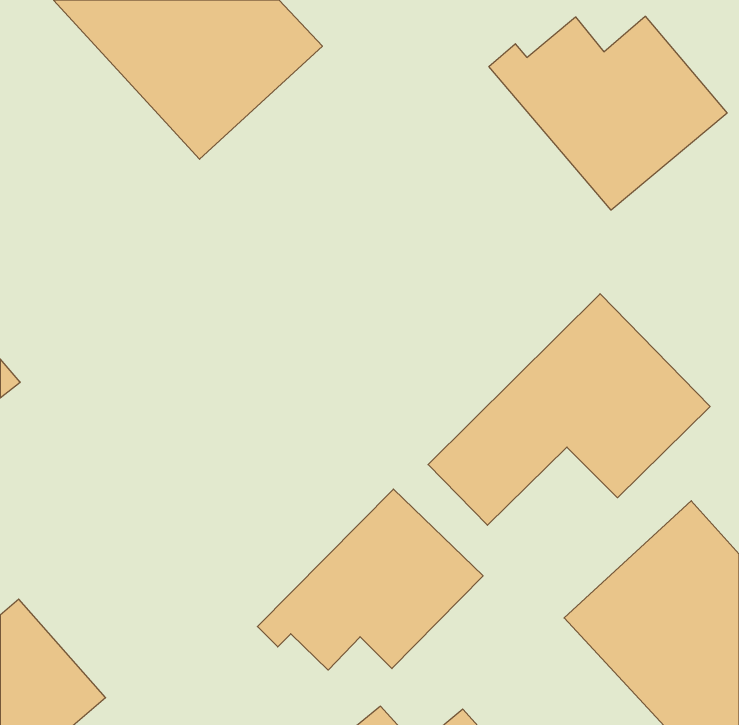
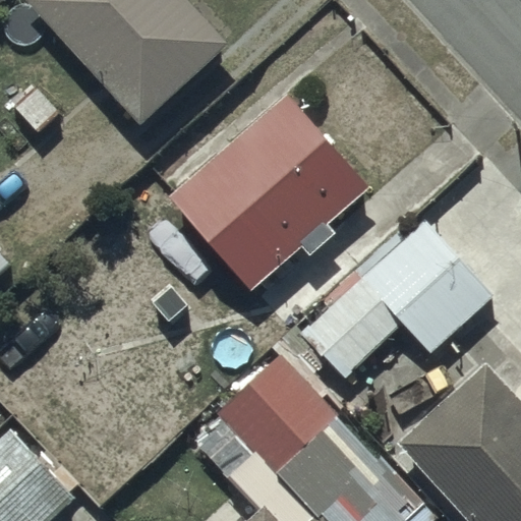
building: [489,16,727,210] -> none
building: none -> [170,92,370,289]

